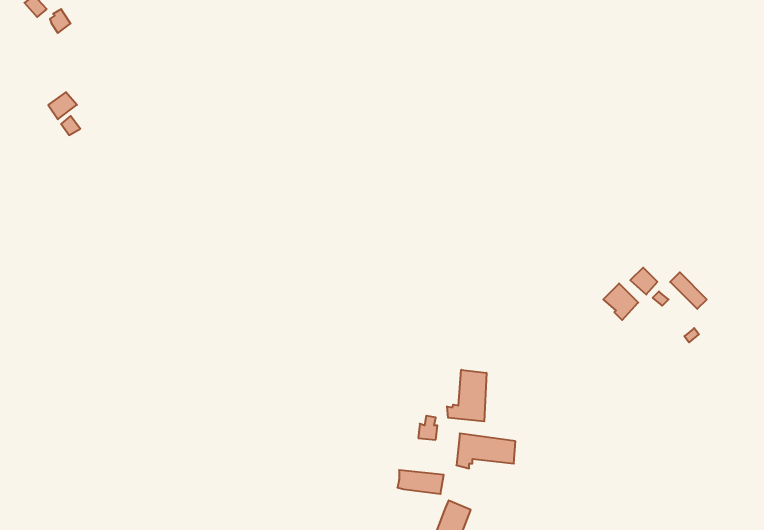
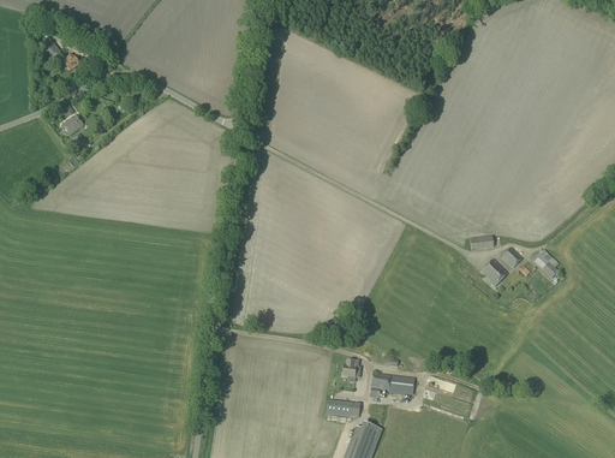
building: [447,370,486,421] -> none

